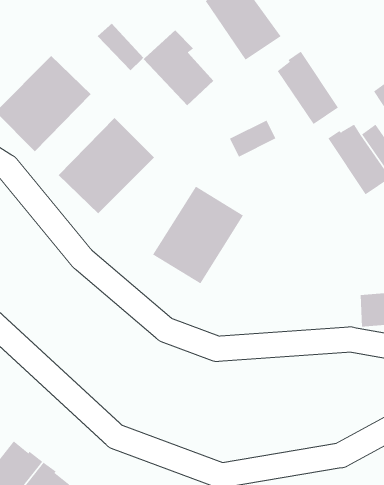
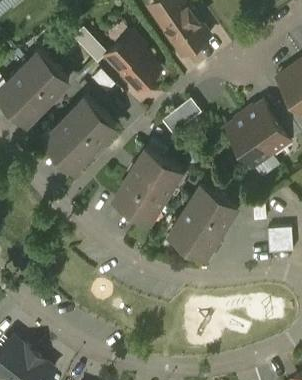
building: [277,51,339,125] -> [226,114,272,169]
building: none -> [170,184,238,257]

